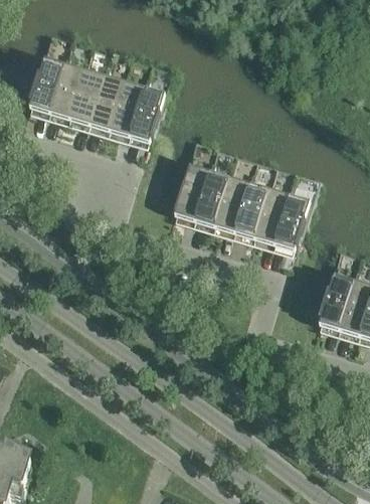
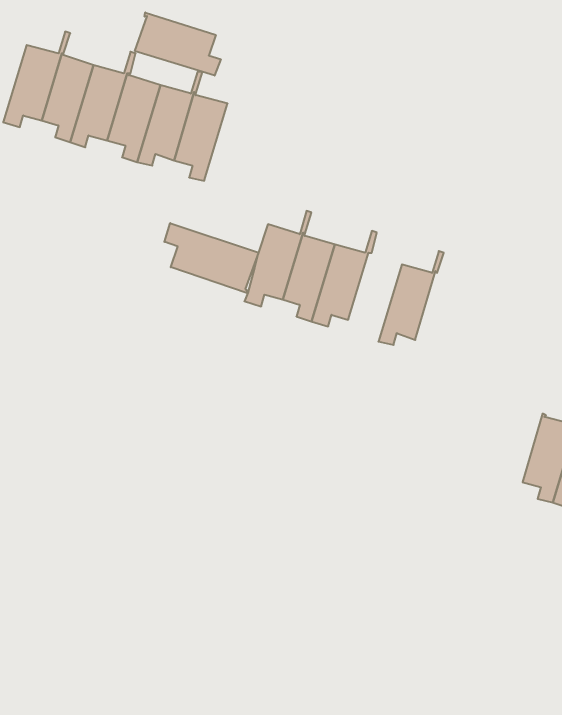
building: none -> [135,12,221,76]
building: none -> [164,223,258,293]
building: [235,185,267,238] -> none
building: [275,194,309,249] -> none
building: [318,270,357,326] -> none

